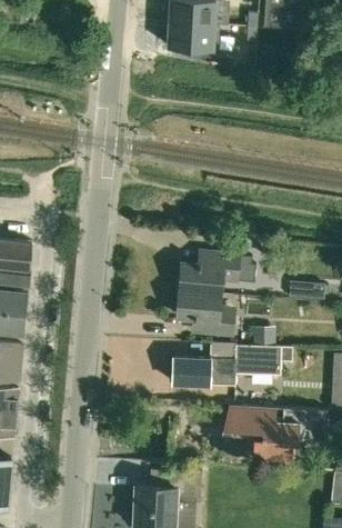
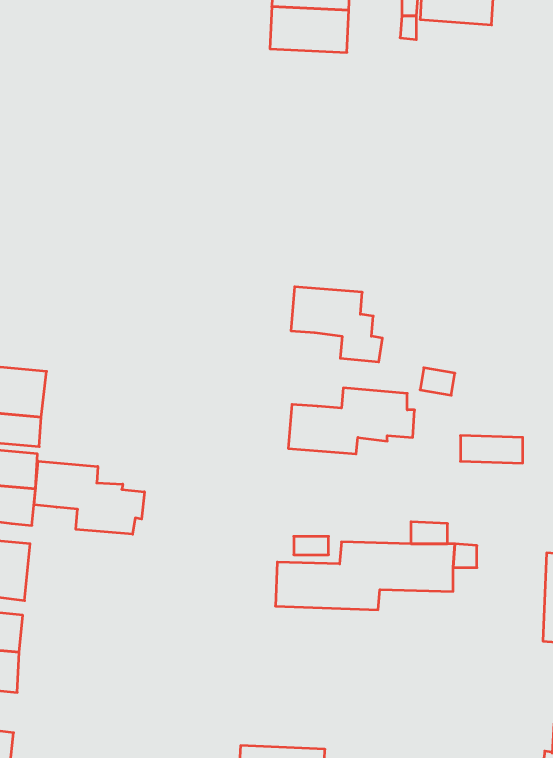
building: [178,289,233,335] -> [291,287,382,362]
building: none -> [34,461,144,534]
building: [223,406,326,460] -> none

